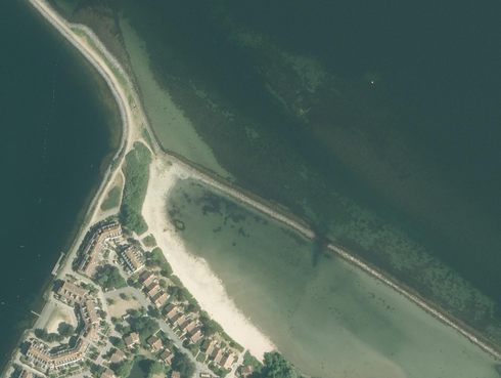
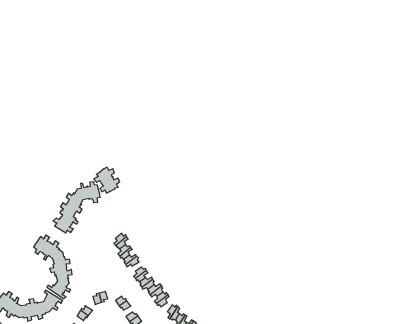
building: [119,246,145,272] -> [94,167,120,193]

